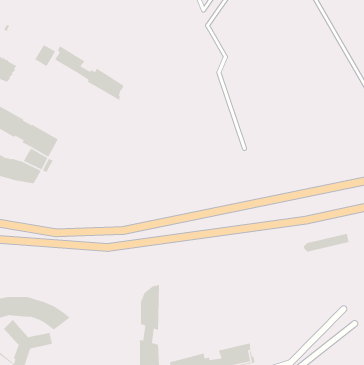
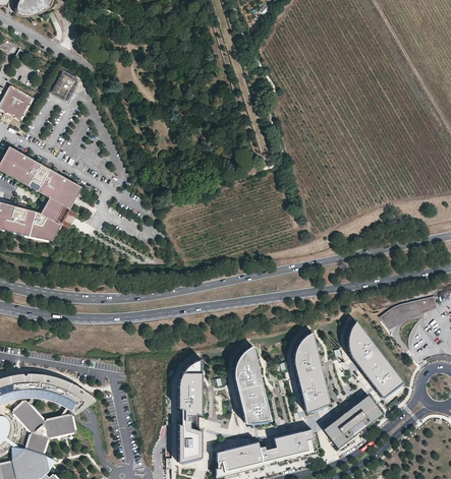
building: [54,45,124,101] -> none
building: none -> [350,322,403,397]
building: none -> [294,333,329,413]
building: none -> [235,348,271,424]
building: none -> [323,395,382,448]

